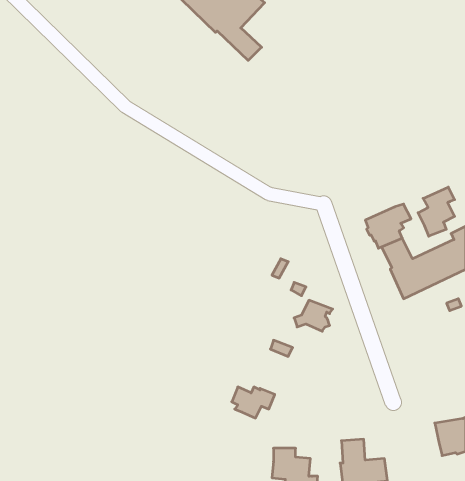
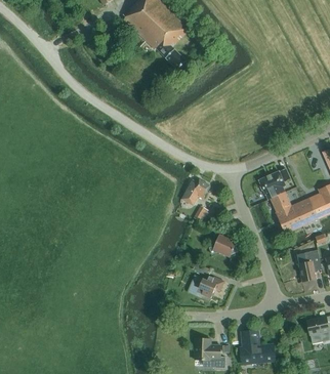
building: [418,187,455,236] -> none
building: none -> [181,178,211,204]
building: none -> [299,249,321,282]
building: [232,387,275,418] -> [195,276,224,297]

